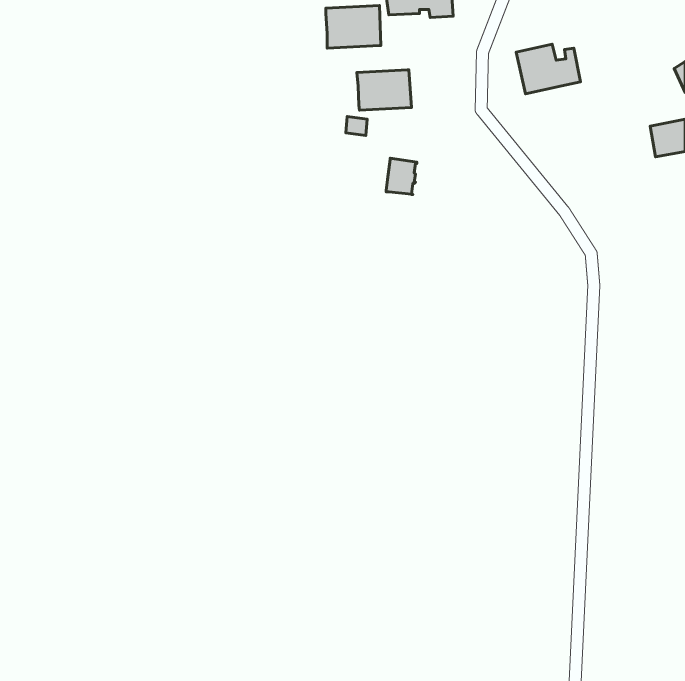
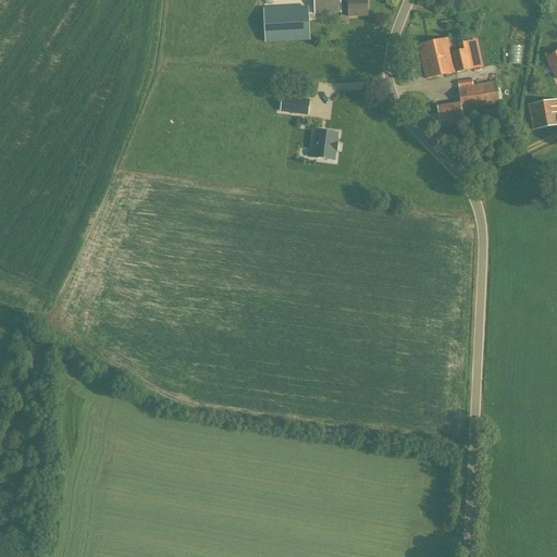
building: [357,70,411,110] -> none
building: none -> [437,77,500,125]

